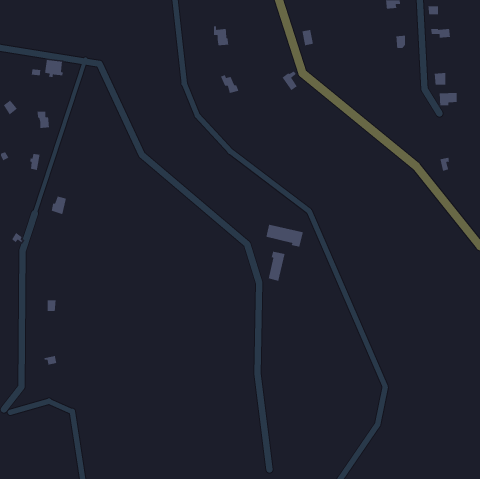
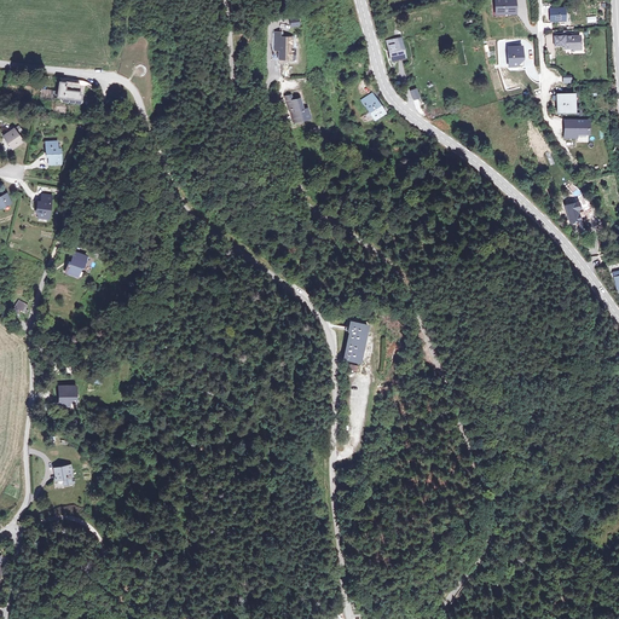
building: [266,224,304,248] -> none

